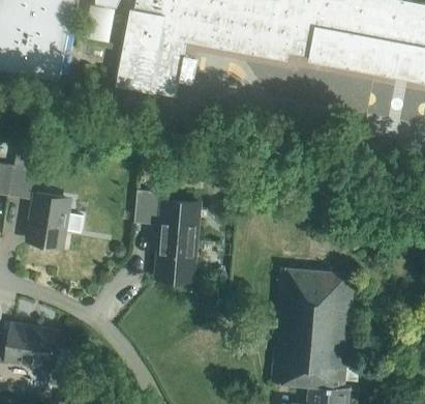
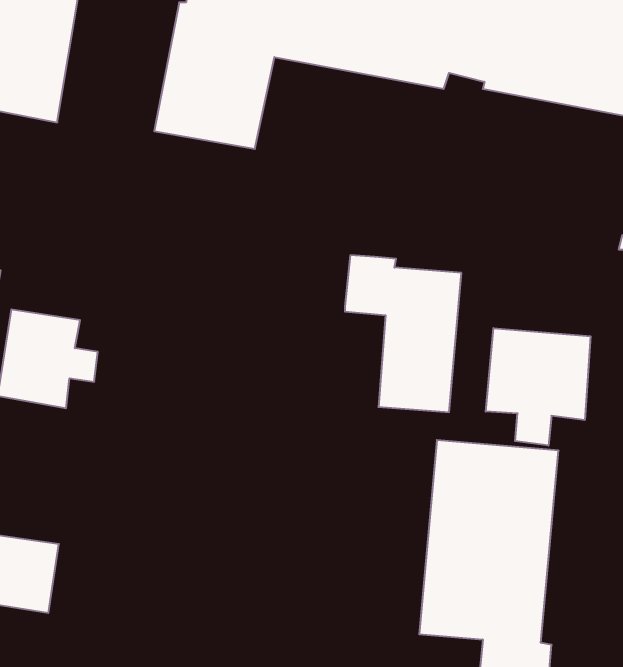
building: [133,190,202,282] -> [345,255,461,412]
building: none -> [486,328,591,446]

